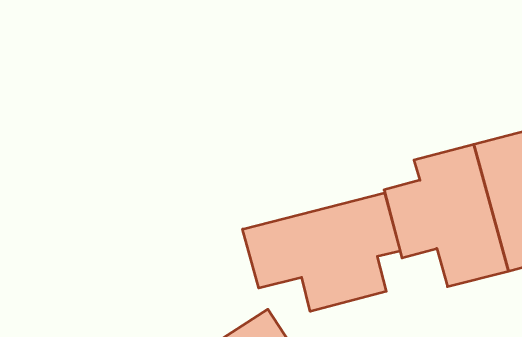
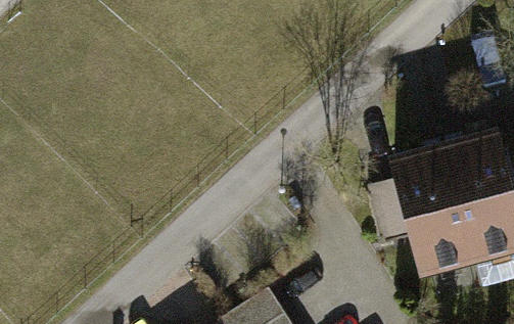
building: [243,193,400,311] -> none

